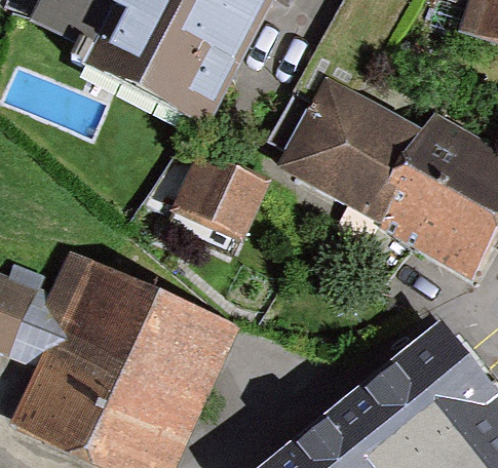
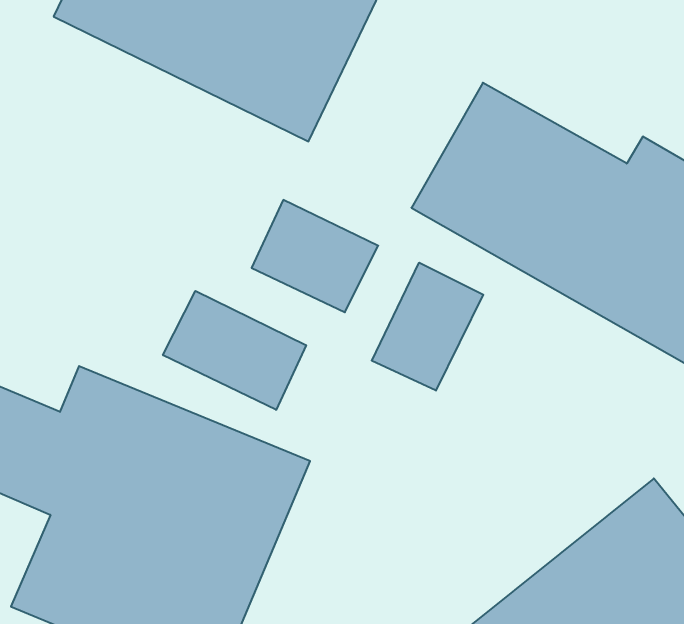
building: none -> [372,263,483,391]
building: none -> [163,291,306,410]

